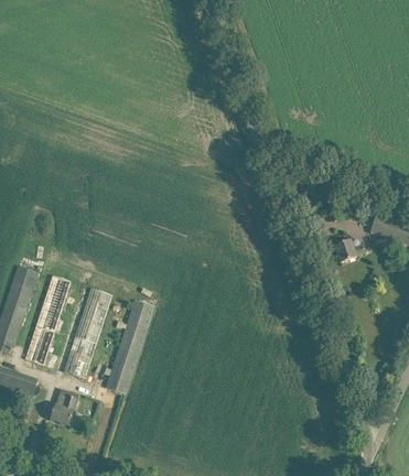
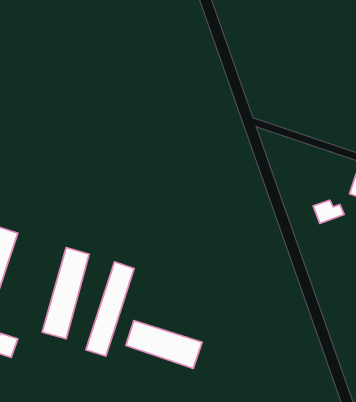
building: [25,274,67,367] -> none
building: none -> [126,321,202,369]
building: [51,389,77,425] -> none

